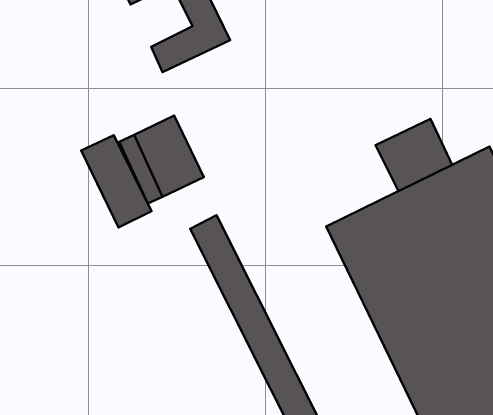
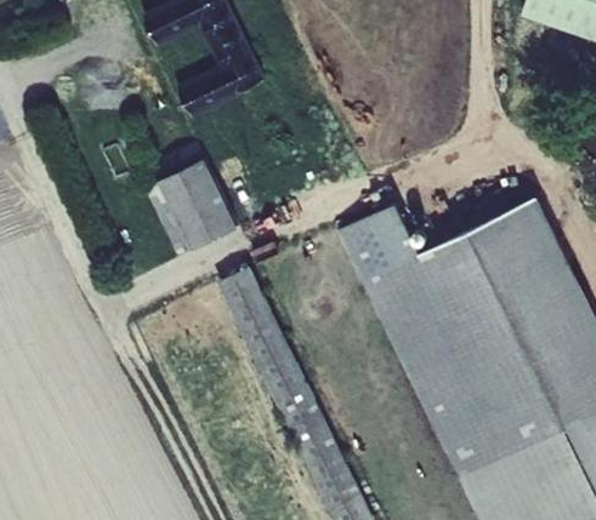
building: [376,119,452,191] -> [340,204,421,280]
building: [81,135,152,228] -> none

